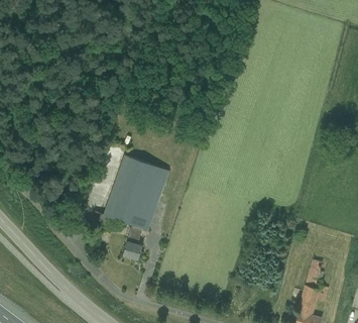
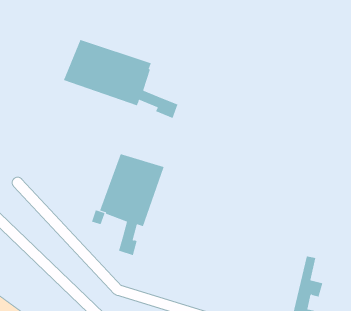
building: none -> [63,39,178,119]

